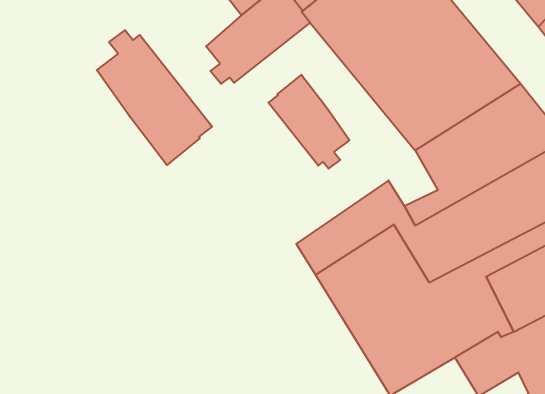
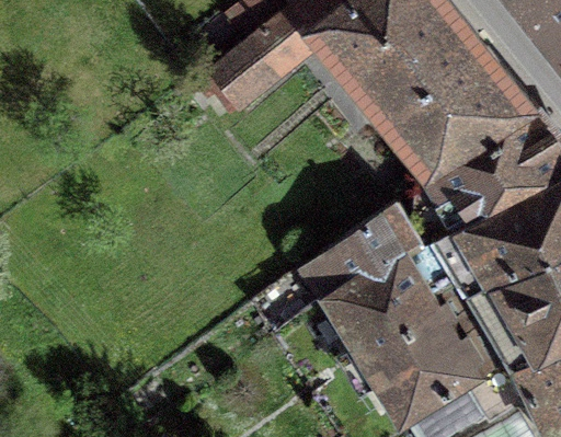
building: [97,30,212,165] -> none
building: [268,75,349,169] -> none

